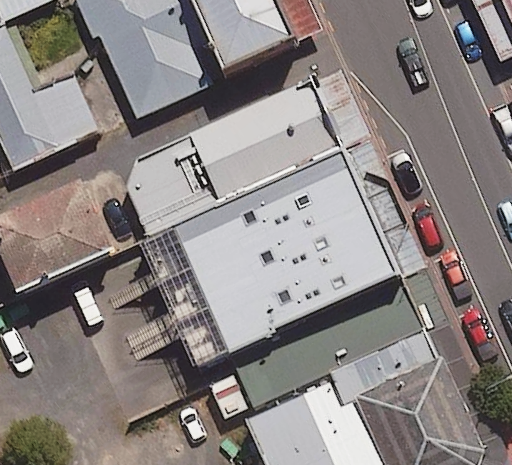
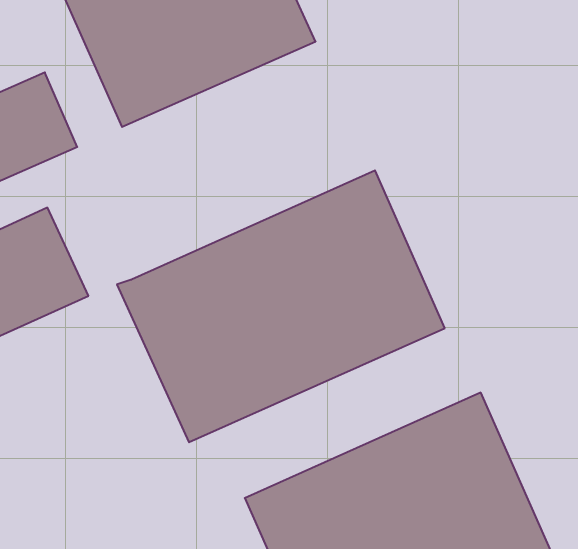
building: [126,80,341,239] -> none

